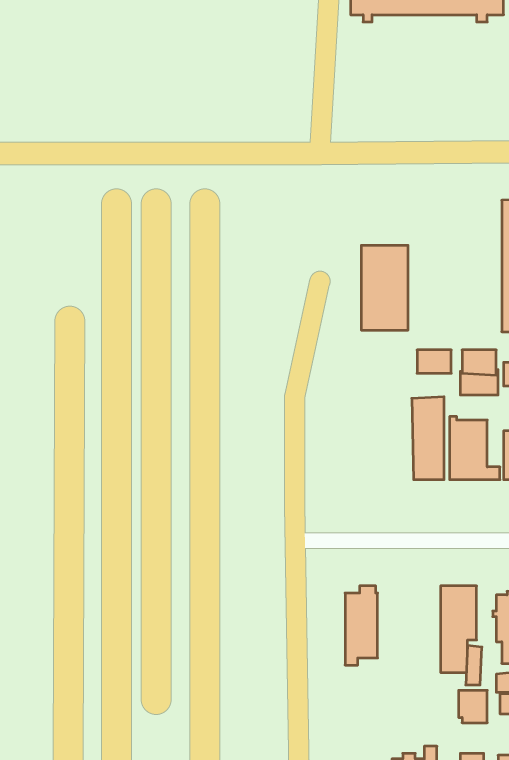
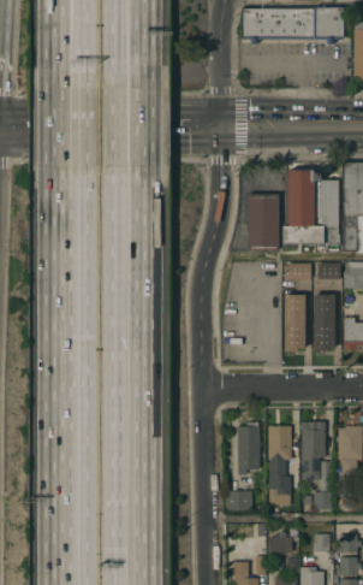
building: none -> [282,169,340,247]
building: none -> [268,425,292,506]
building: none -> [225,490,252,510]

